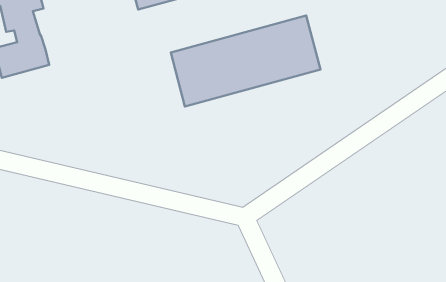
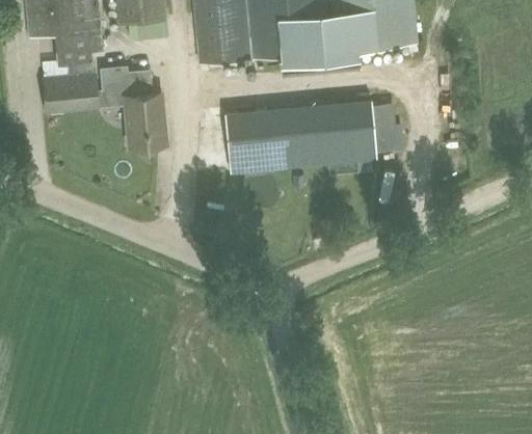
building: none -> [97,65,166,144]

